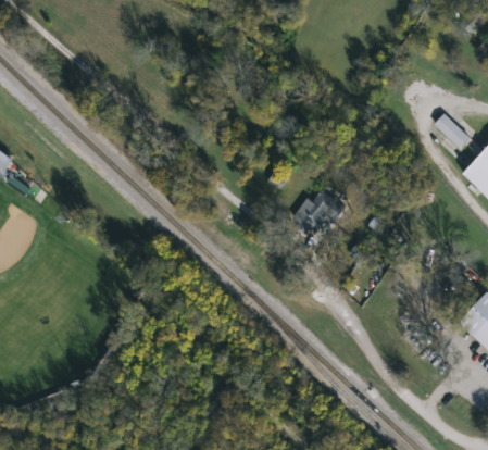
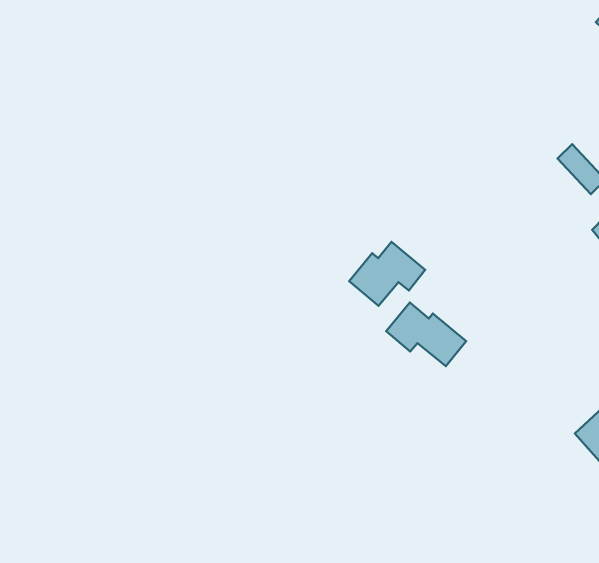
building: none -> [386,303,466,366]

